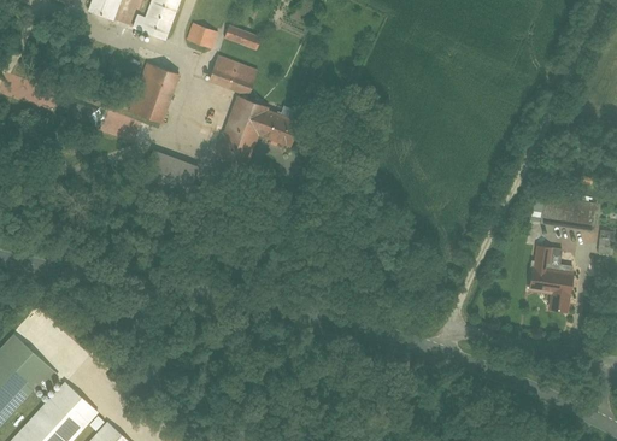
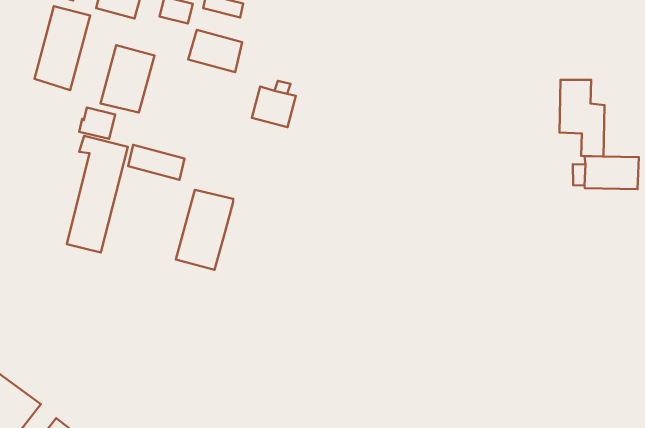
building: none -> [35,6,90,90]
building: [213,96,268,167] -> [176,190,233,270]
building: none -> [67,136,128,253]
building: [530,245,571,314] -> [560,80,604,157]

